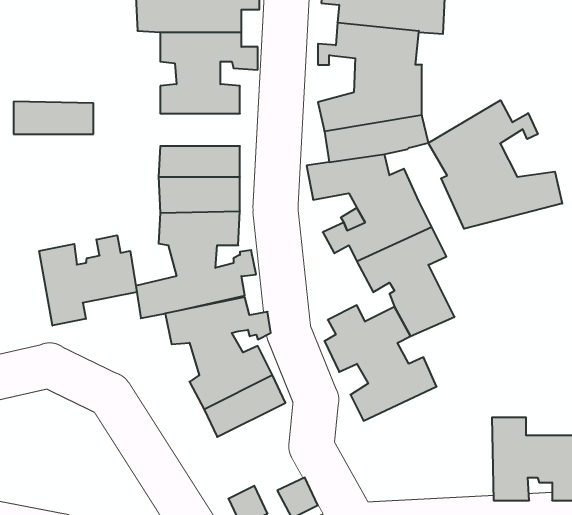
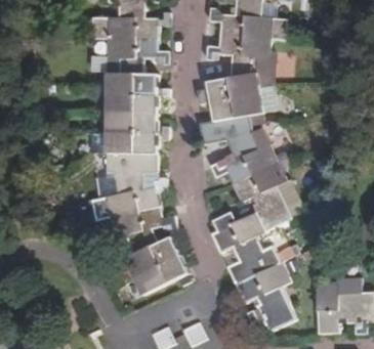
building: [428,100,562,229] -> none
building: [14,102,93,134] -> [108,90,158,111]
building: [39,235,137,326] -> none
building: none -> [236,262,296,331]

